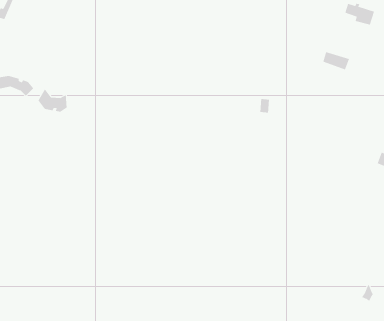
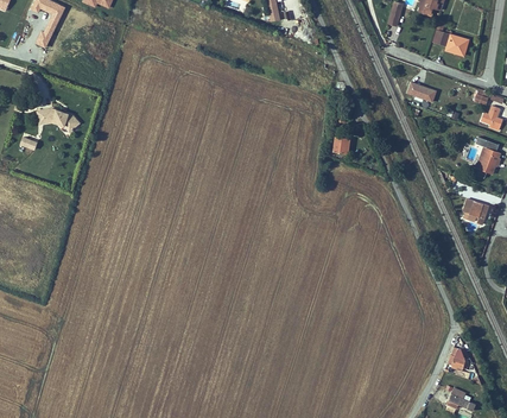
building: [38,89,67,112] -> none

